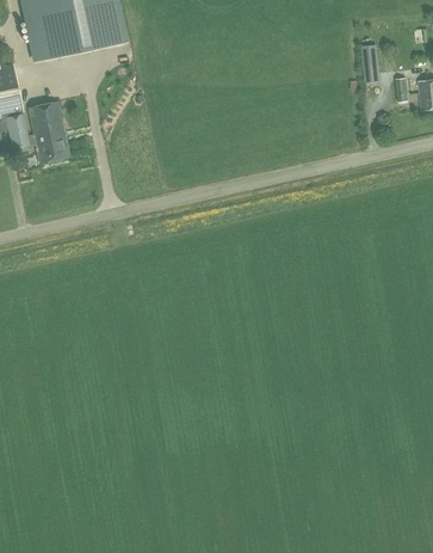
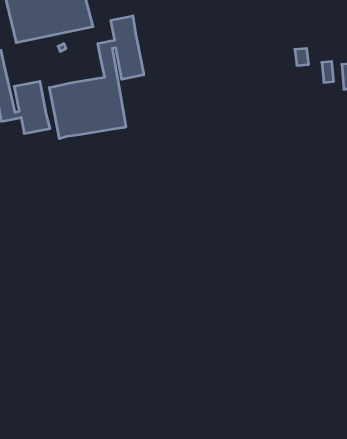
building: none -> [49,16,144,139]

